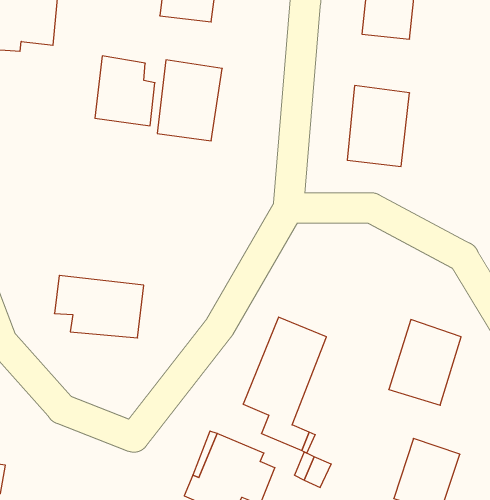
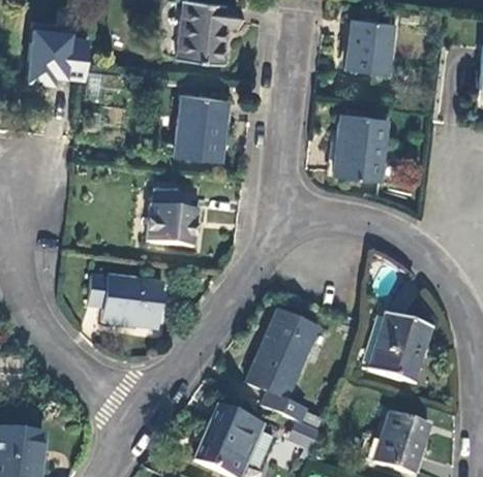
building: [95,56,155,126] -> [148,187,199,246]

